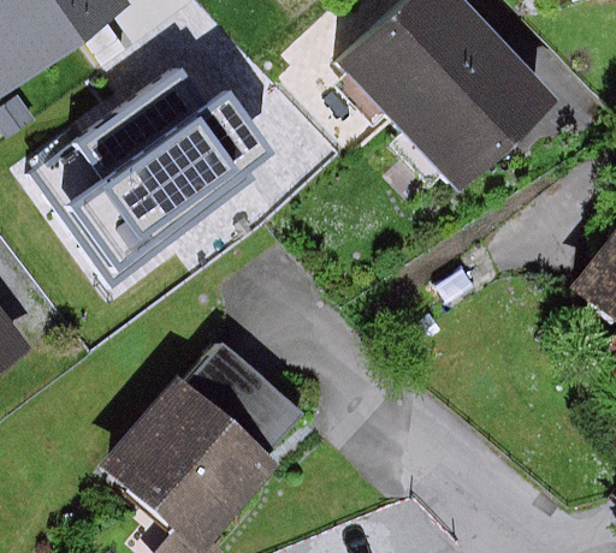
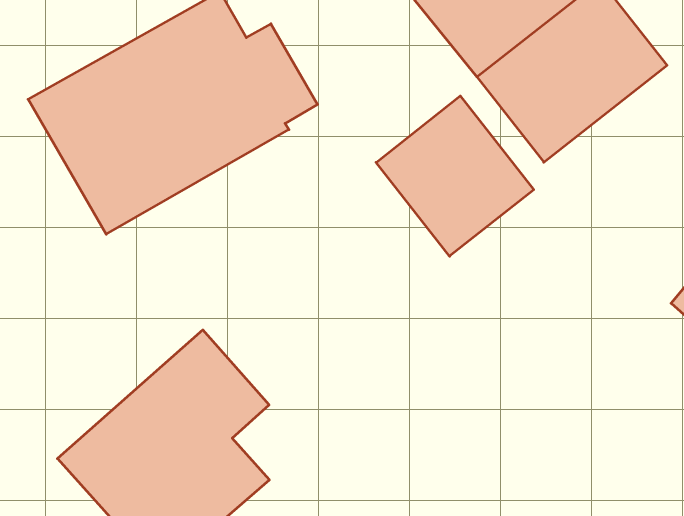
building: none -> [376,96,534,256]

